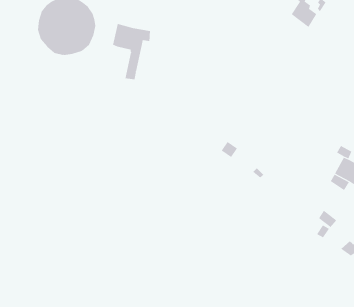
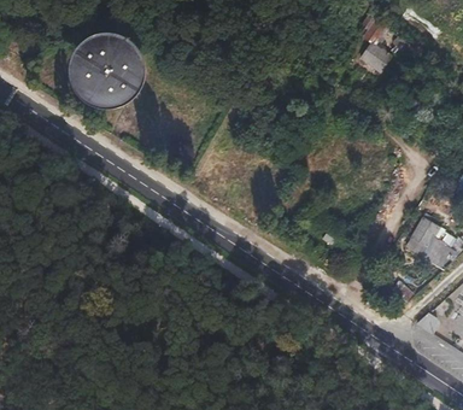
building: [112,23,151,80] -> none

